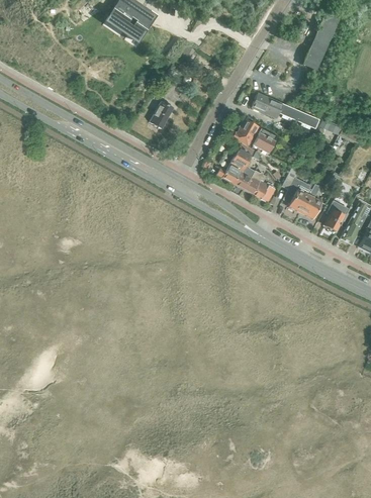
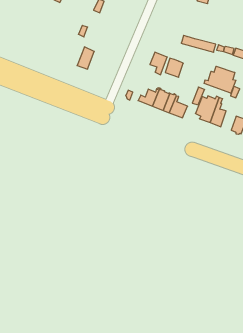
building: [252,93,282,117] -> none
building: [230,131,254,167] -> none
building: none -> [204,66,236,93]

